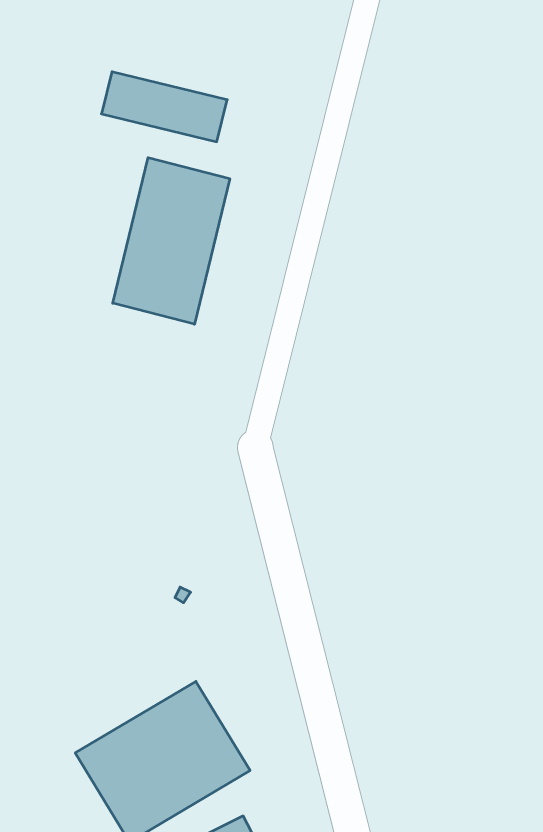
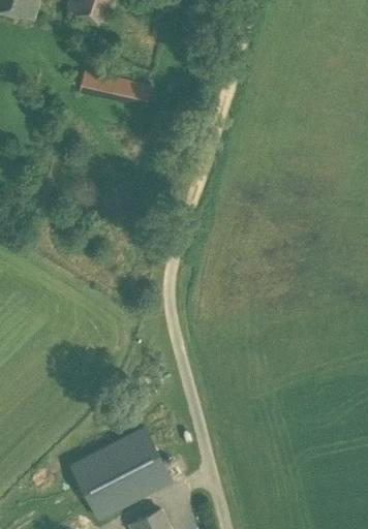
building: [113,158,230,324] -> none

